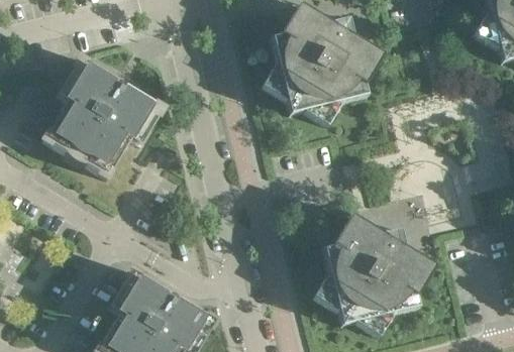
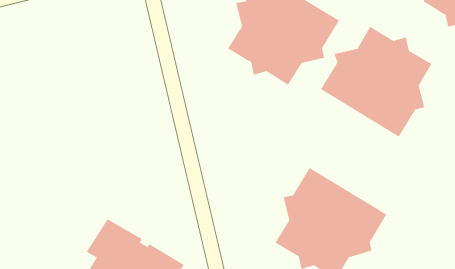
building: [43,55,165,178] -> none
building: none -> [320,26,432,137]

